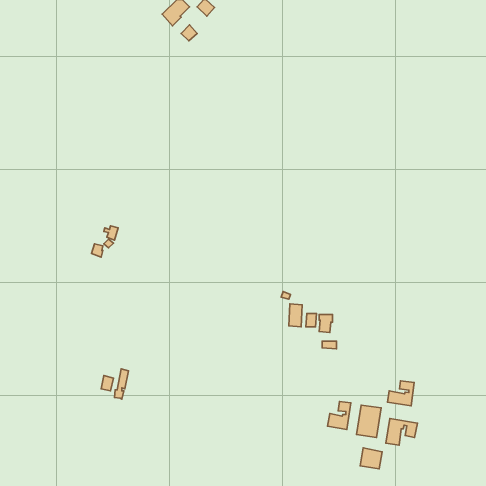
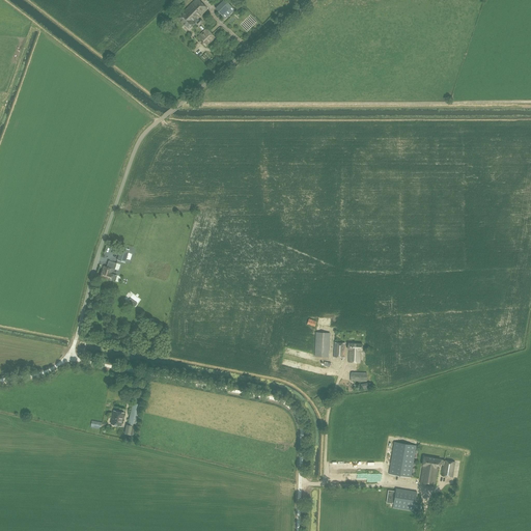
building: [387,381,414,406] -> none
building: [328,402,351,429] -> none

